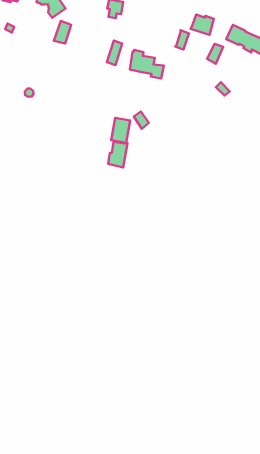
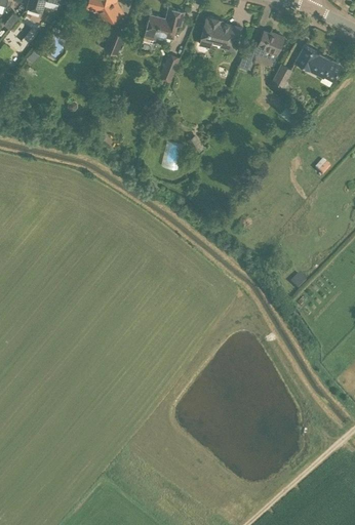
building: none -> [146,13,174,37]
building: [130,50,164,79] -> [201,16,239,50]
building: [108,142,128,167] -> none

